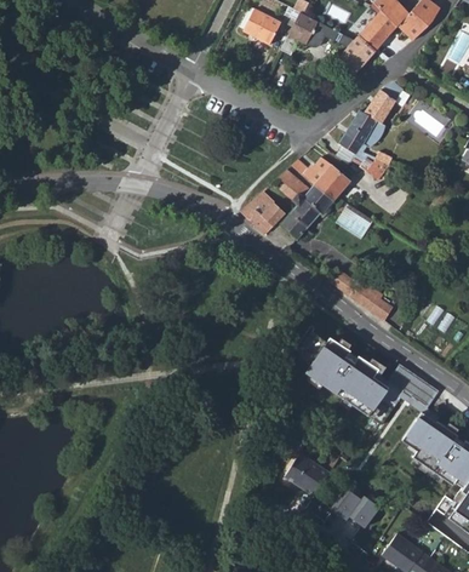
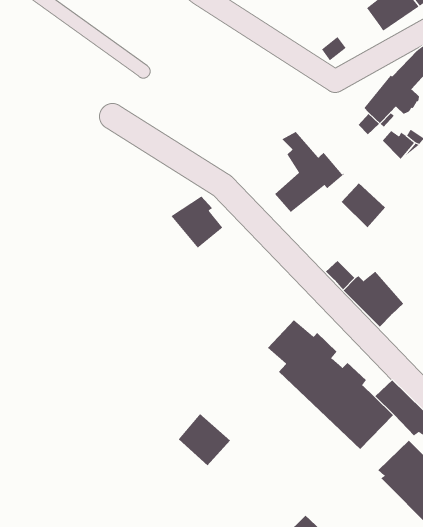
building: [292,158,349,201] -> none
building: [240,193,285,236] -> [170,196,223,248]
building: [285,453,328,496] -> [178,413,231,466]

